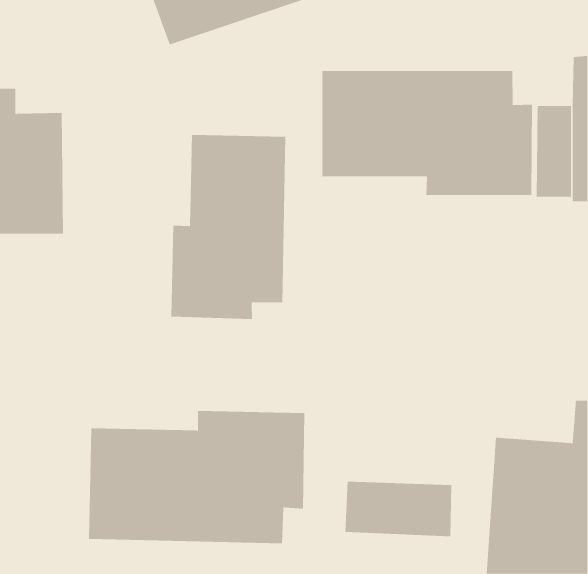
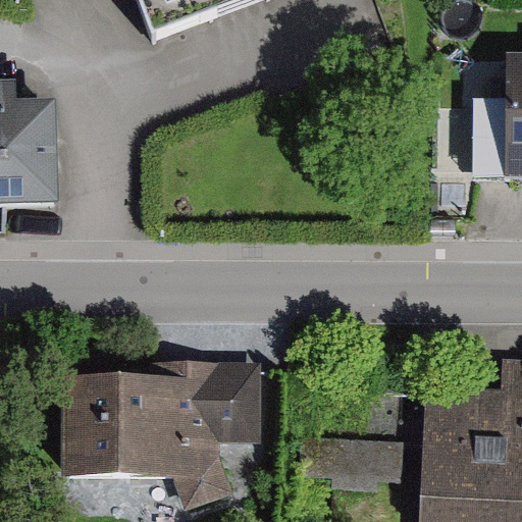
building: [322,70,533,196] -> none
building: [171,134,286,320] -> none

